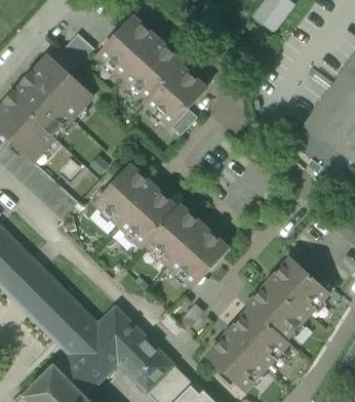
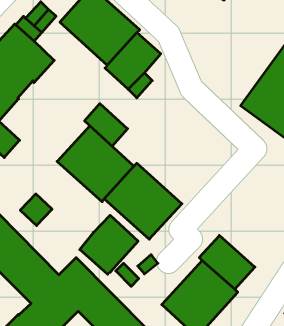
building: none -> [85,104,128,146]
building: [44,185,78,218] -> [20,194,52,226]
building: [269,256,329,315] -> none
building: none -> [80,215,138,274]

